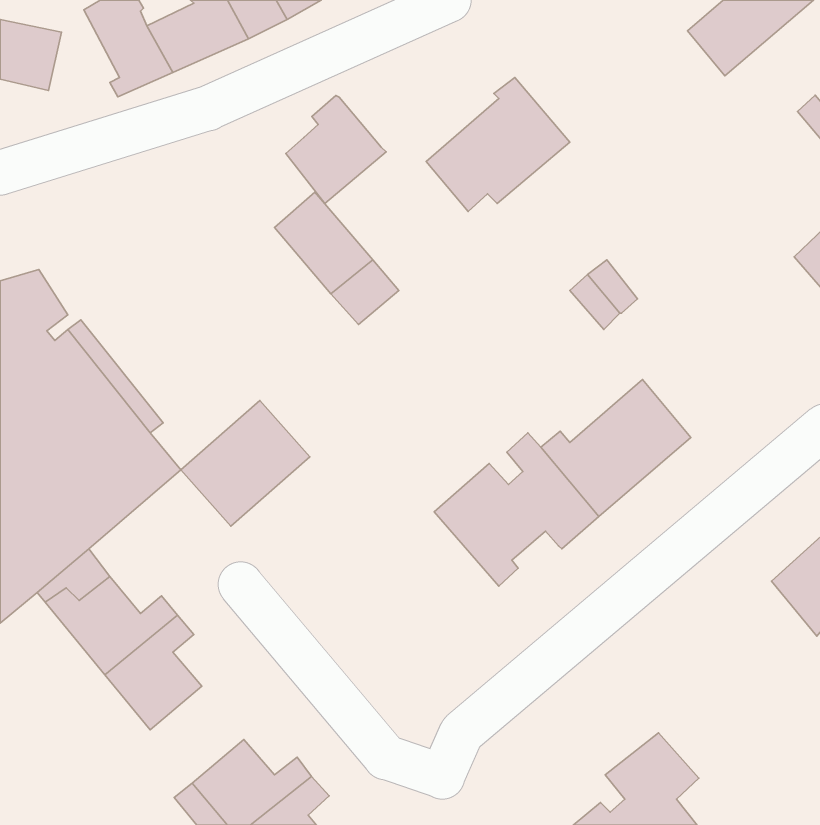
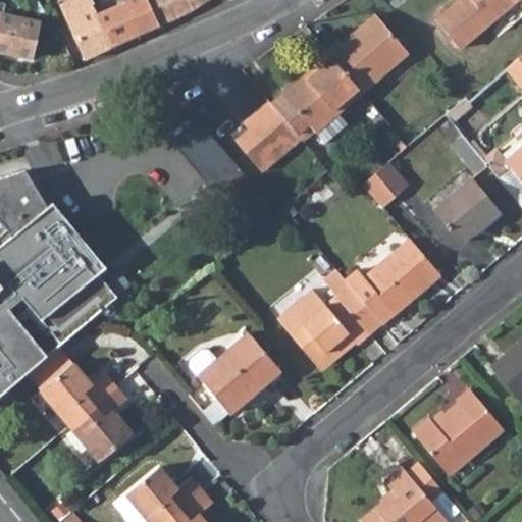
building: none -> [328,14,409,90]
building: [286,95,386,204] -> [239,101,302,169]
building: none -> [433,178,501,244]
building: [181,400,310,526] -> [198,335,279,415]
building: none -> [411,393,501,477]

